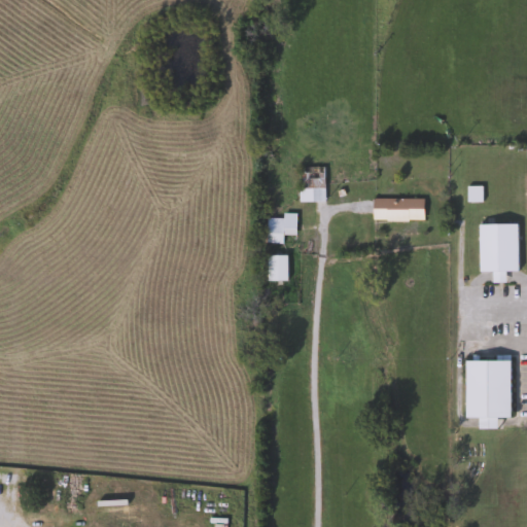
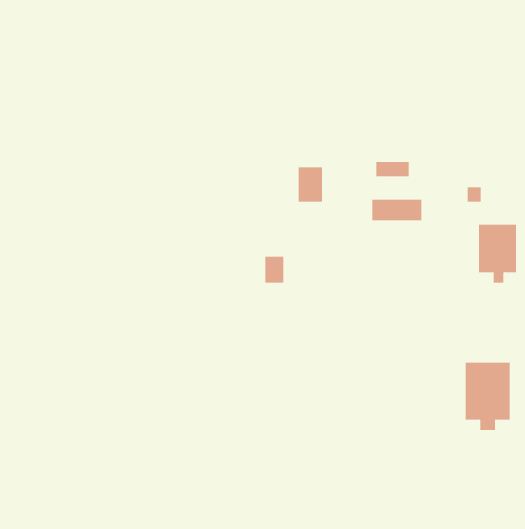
building: none -> [376,161,409,177]
building: [268,212,296,242] -> none

